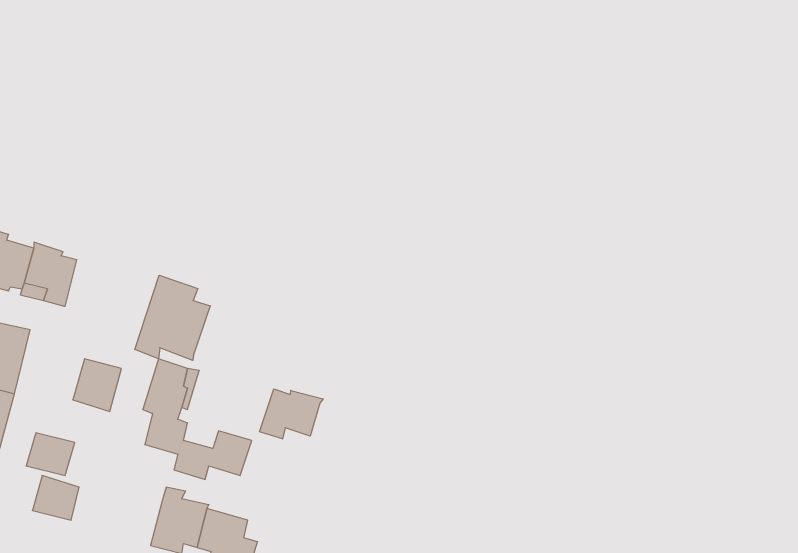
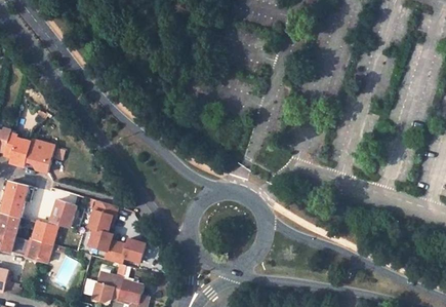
building: [135,275,210,360] -> none
building: [260,389,323,439] -> none
building: [32,475,79,520] -> [31,221,55,244]

